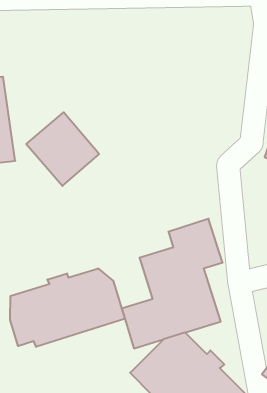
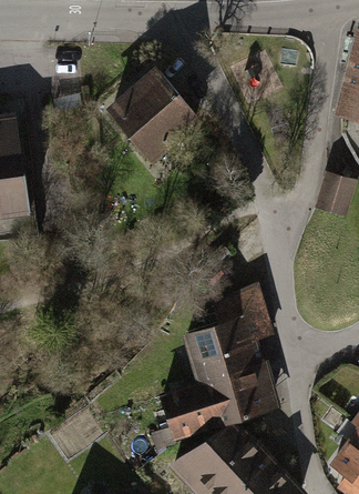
building: [26,112,99,186] -> [111,73,197,161]
building: [10,268,125,347] -> none

